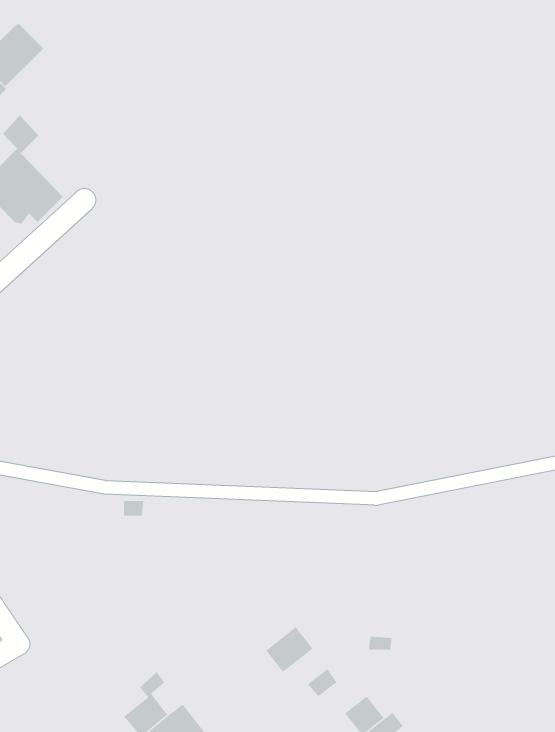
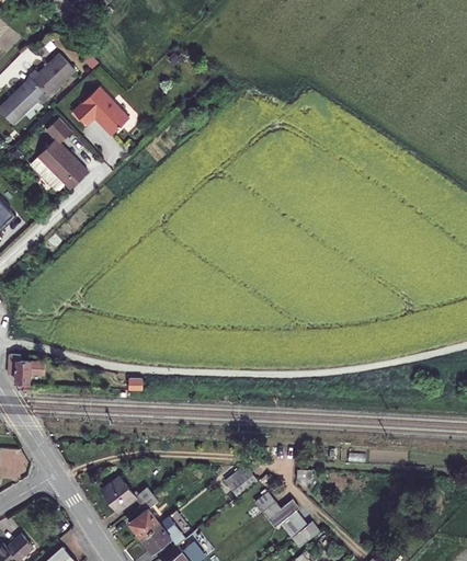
building: none -> [71,87,127,134]
building: none -> [102,478,151,511]
building: none -> [261,500,298,528]

